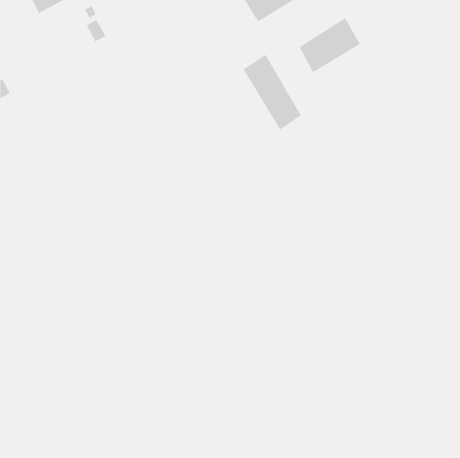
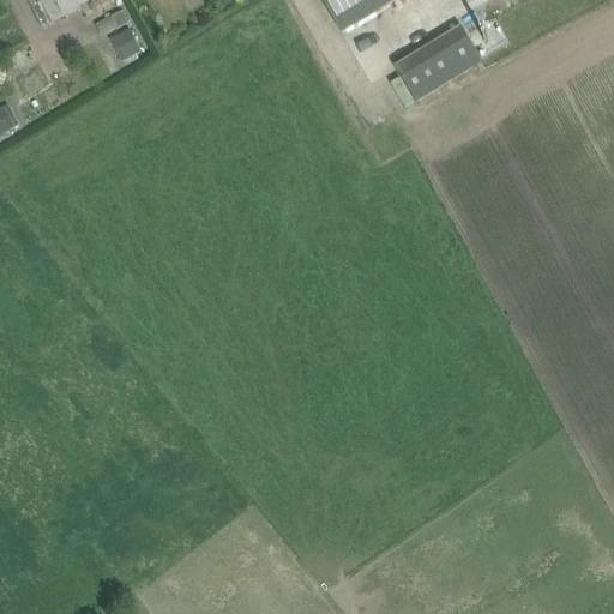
building: [243,54,302,131] -> none

